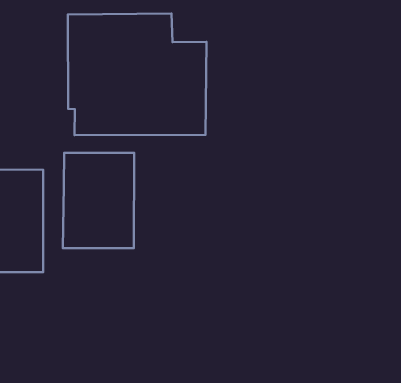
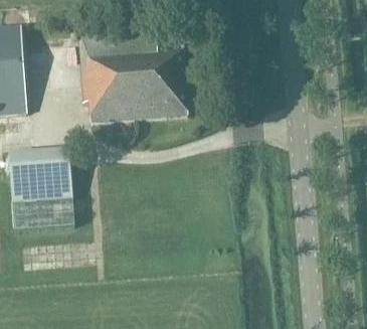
building: [63,153,134,248] -> none

